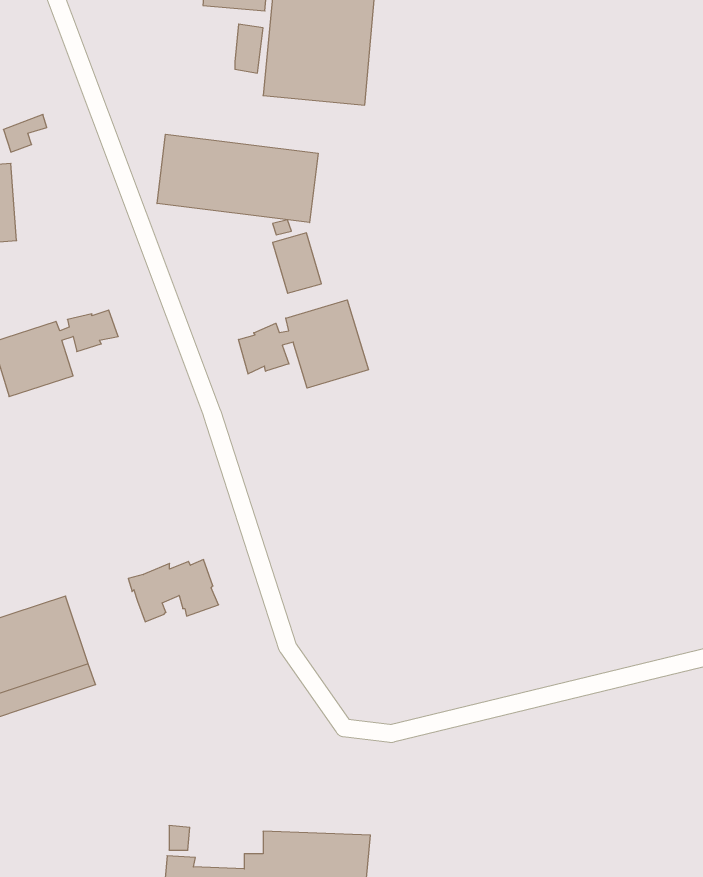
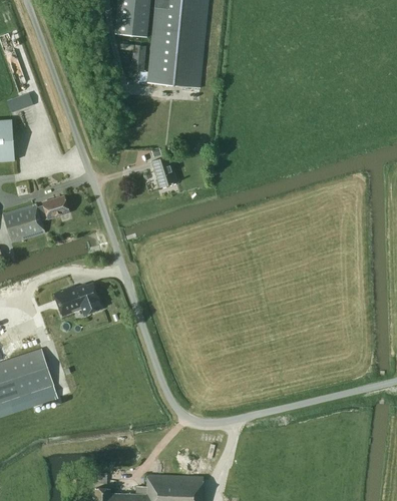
building: [157,134,318,223] -> none
building: [239,300,369,388] -> none
building: [128,560,219,622] -> [53,283,101,316]

